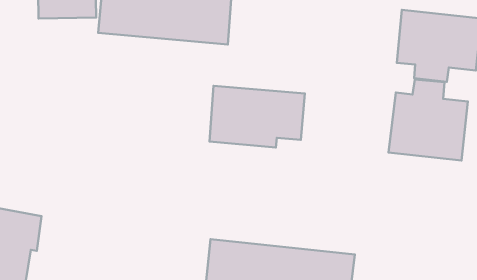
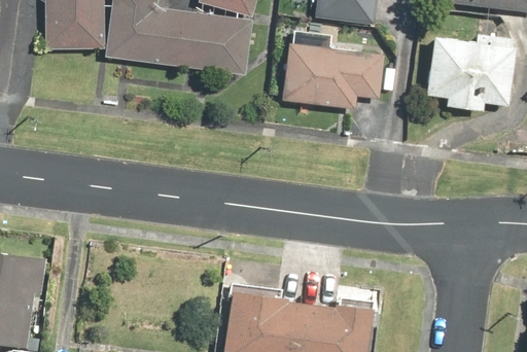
building: [389,79,468,160] -> none
building: [210,86,305,147] -> [285,44,387,110]

